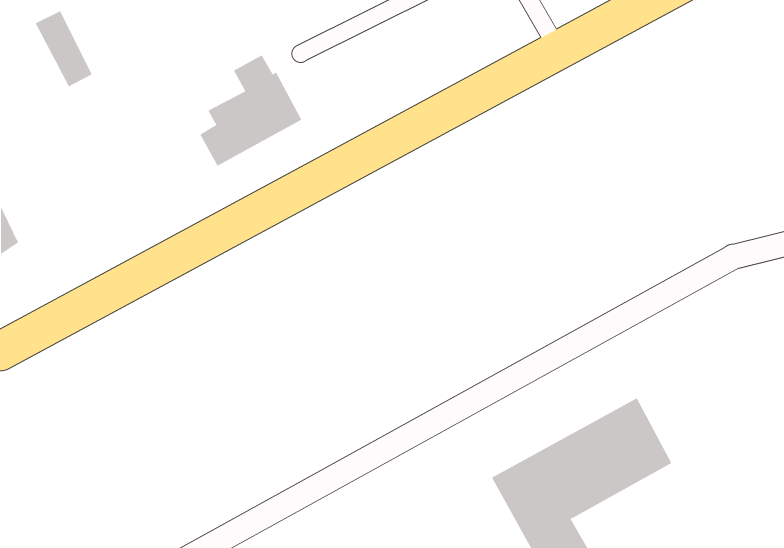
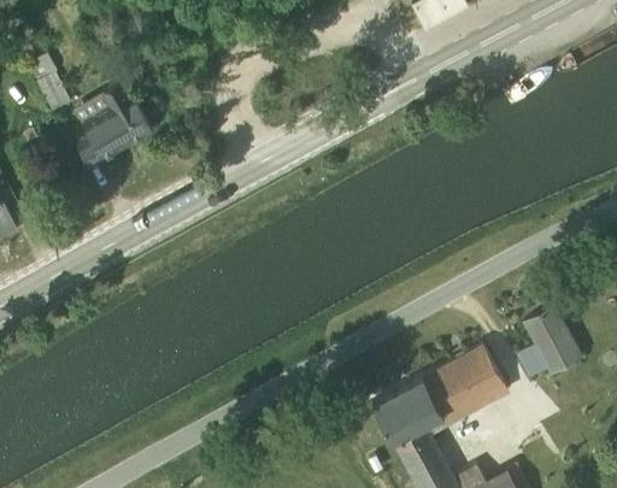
building: [200,54,302,166] -> [74,81,151,165]
building: none -> [516,307,582,377]

